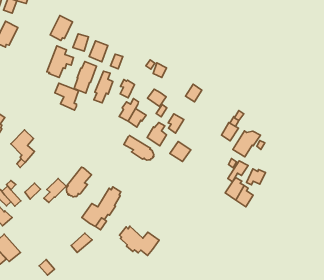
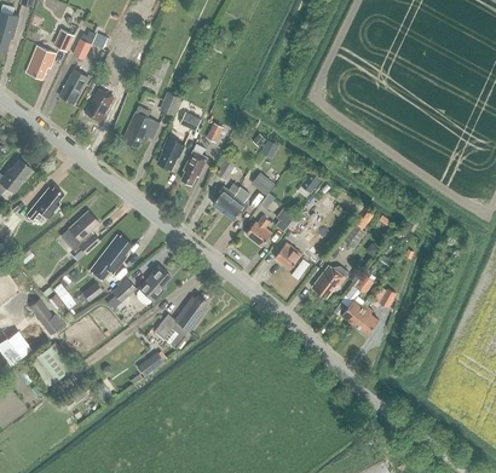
building: [50,16,72,41] -> [83,87,114,120]
building: [55,83,79,110] -> none
building: [233,131,261,157] -> [311,264,348,298]
building: [124,136,154,160] -> none
building: none -> [90,235,131,278]
building: [120,226,159,255] -> none

